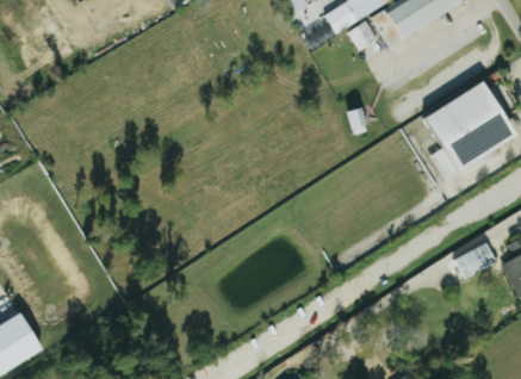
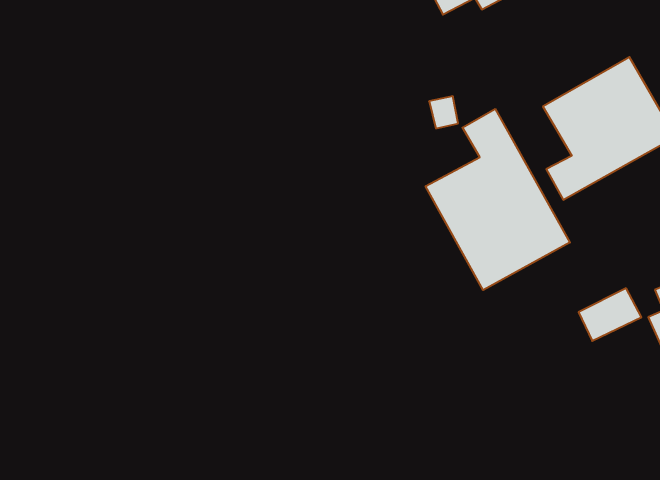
building: none -> [426,109,570,290]

